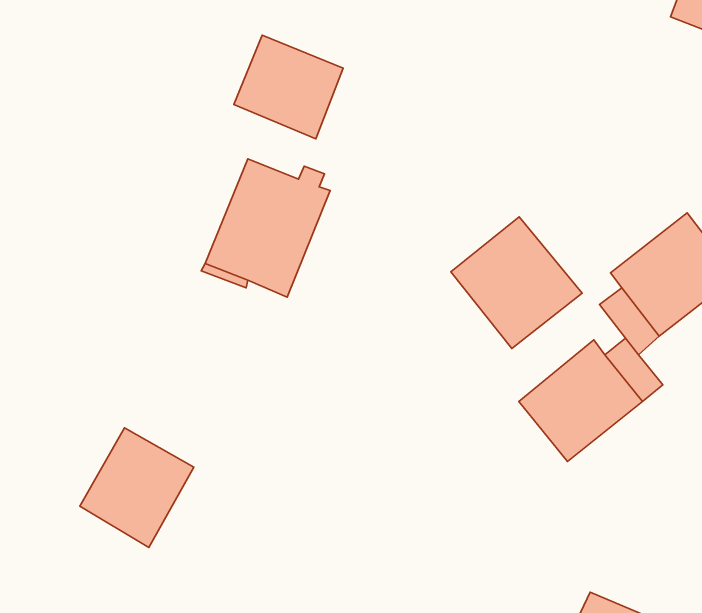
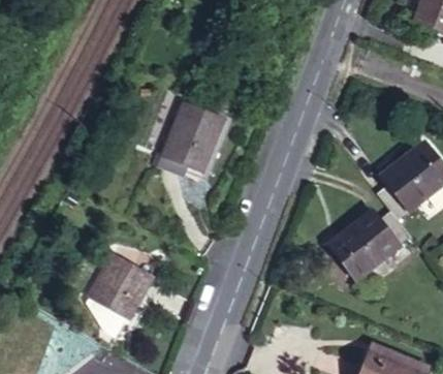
building: [234,35,343,139] -> none
building: [451,217,582,348] -> none

